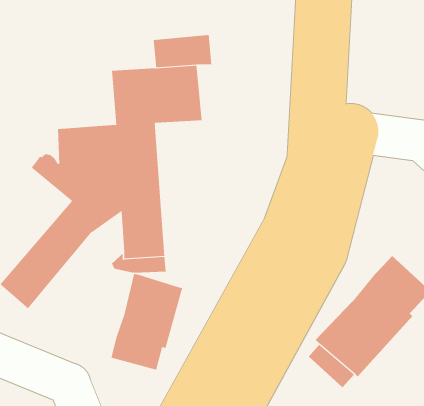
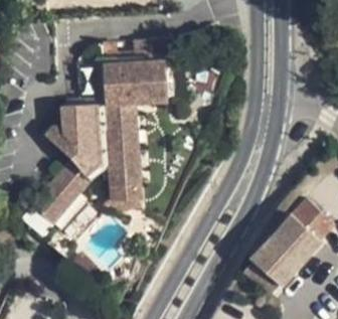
building: [111,273,183,371] -> none

